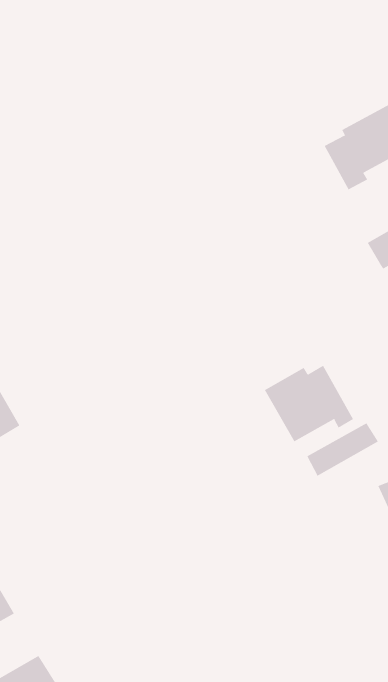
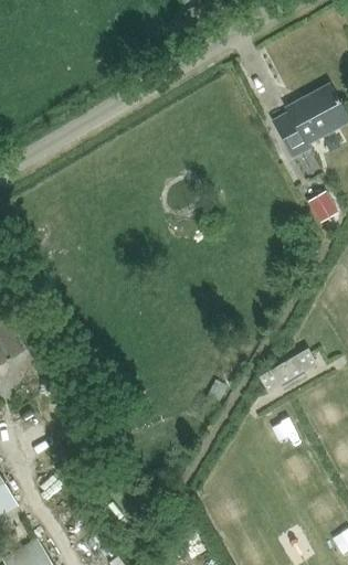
building: [264,365,354,442] -> none

